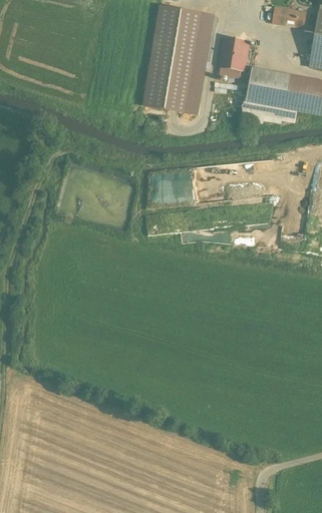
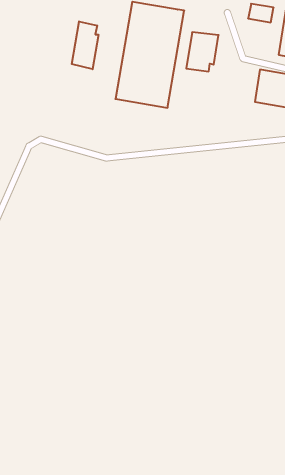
building: none -> [72,21,98,69]
building: [244,68,290,108] -> none

